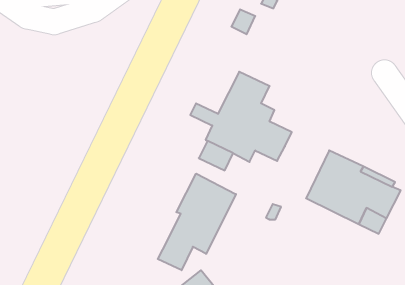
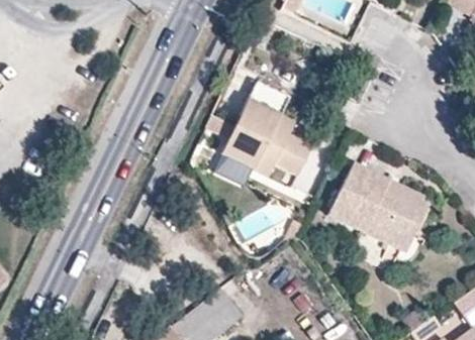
building: [158,174,236,270] -> none

